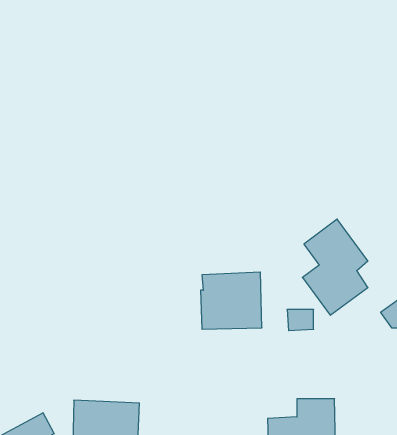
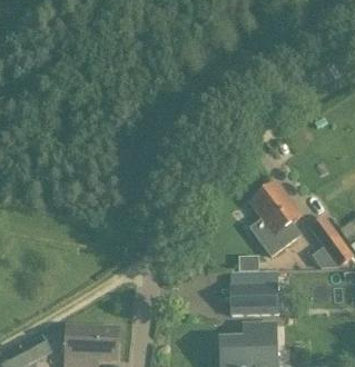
building: [201,272,262,329] -> [229,269,278,315]

